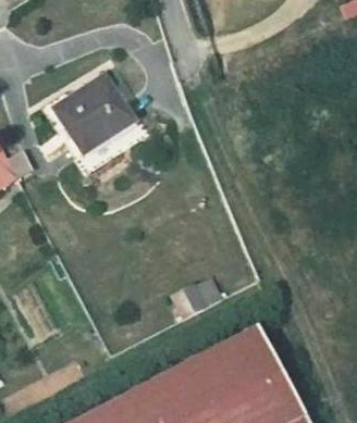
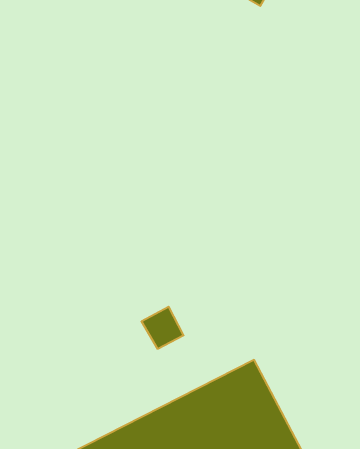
building: [54,78,139,160] -> none

